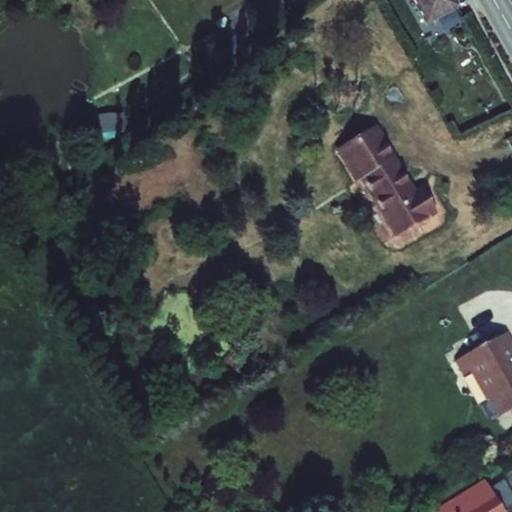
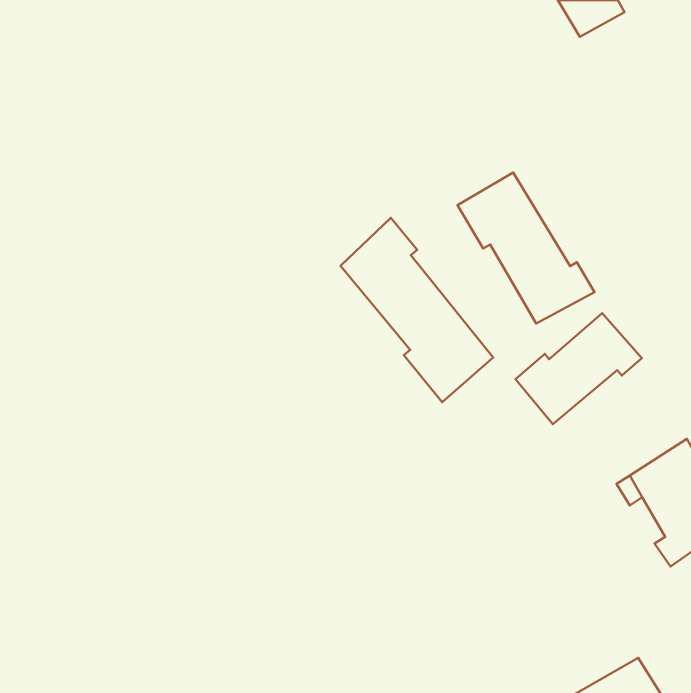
building: none -> [340,218,493,402]
building: none -> [515,313,642,424]

